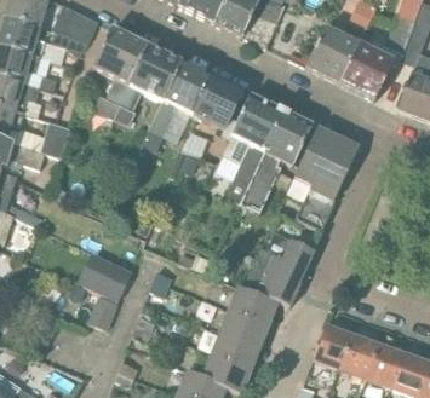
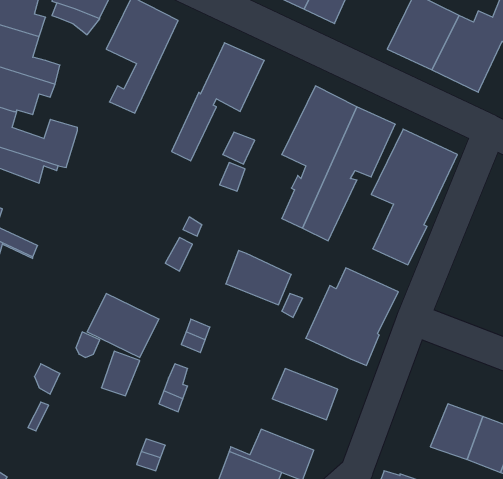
building: [114,45,182,122] -> none
building: [194,75,241,133] -> none
building: [228,283,277,324] -> [226,250,291,305]
building: [313,325,351,368] -> none
building: [210,331,259,370] -> none

